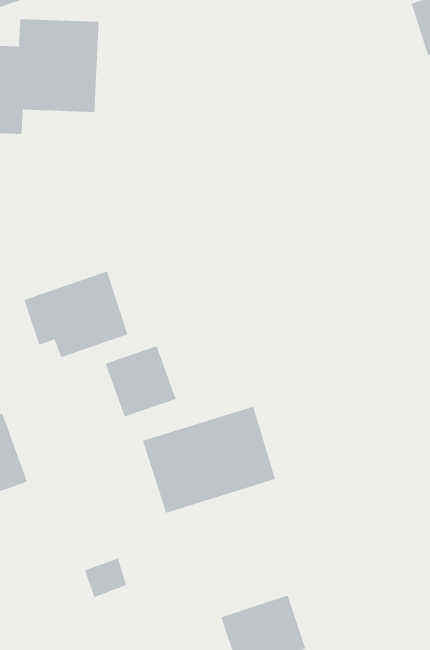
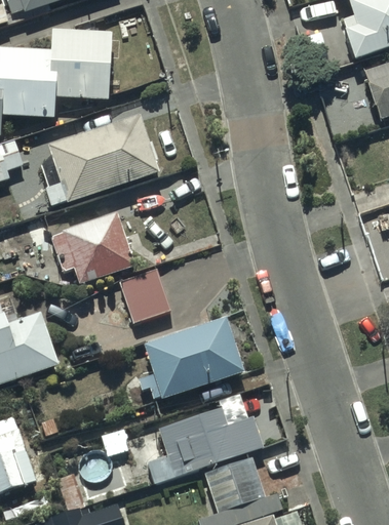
building: none -> [47,115,157,202]
building: none -> [145,408,262,484]

